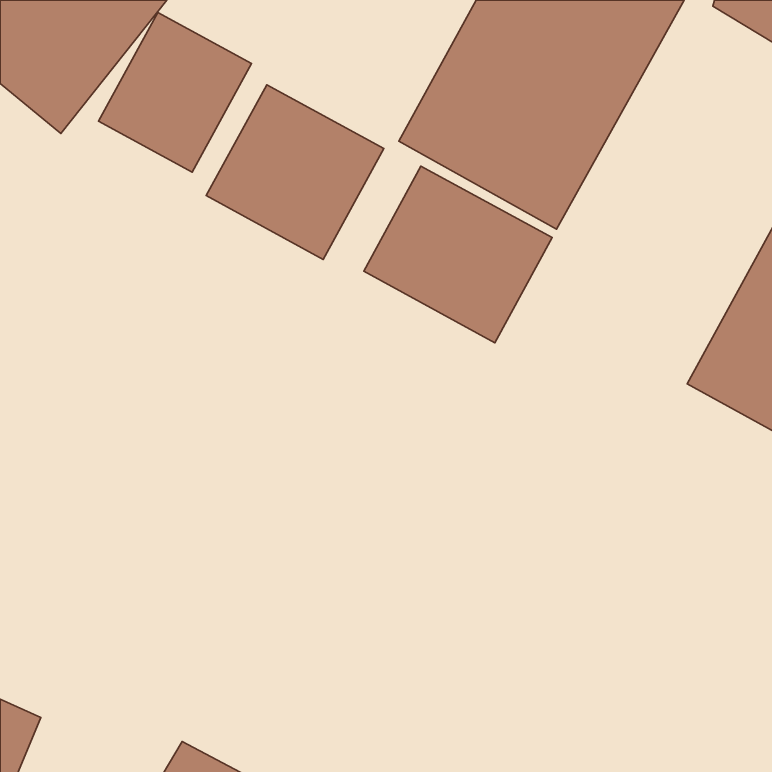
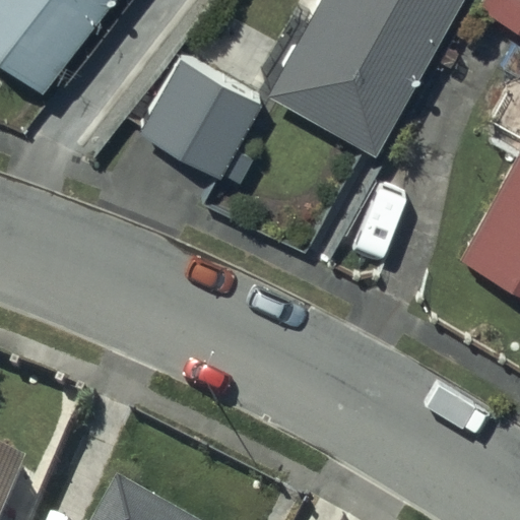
building: [99,13,252,172] -> none
building: [364,166,552,343] -> none

